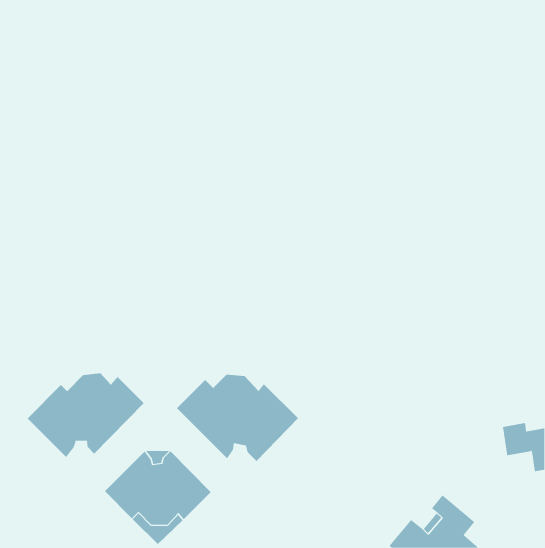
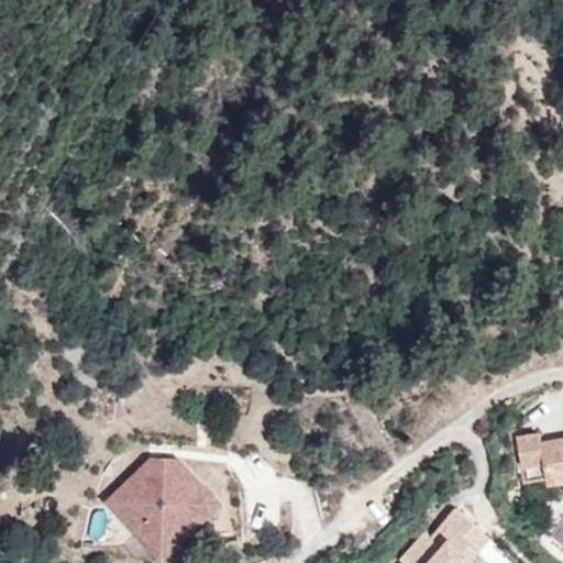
building: [27,372,144,458] -> none
building: [176,374,299,462] -> none

